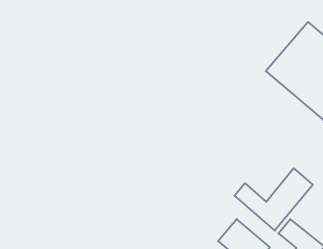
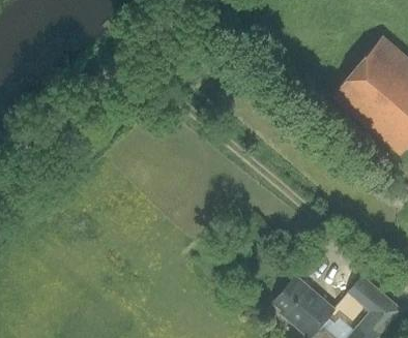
building: [234,168,313,231] -> none

